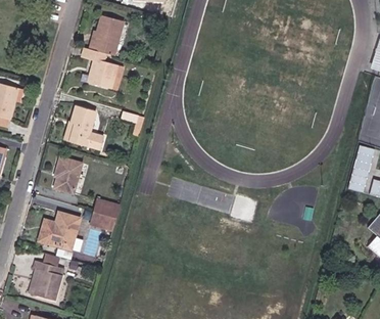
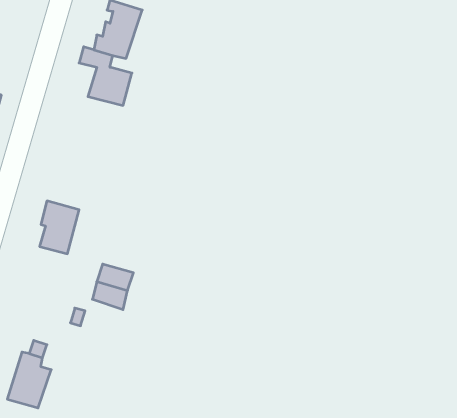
building: [66,112,100,153] -> none
building: [38,217,78,253] -> none

